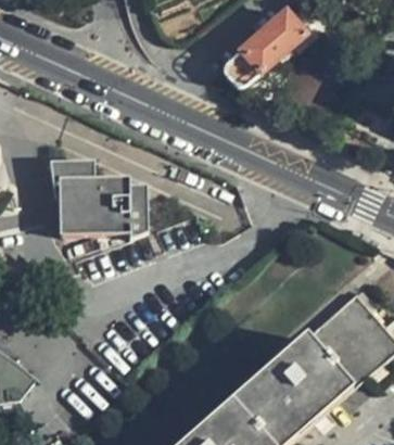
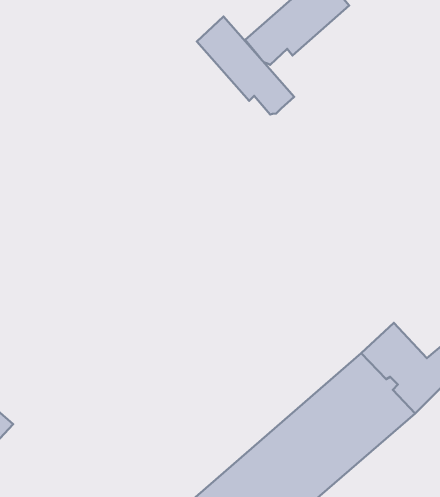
building: none -> [197,17,294,115]
building: [48,154,144,237] -> none

